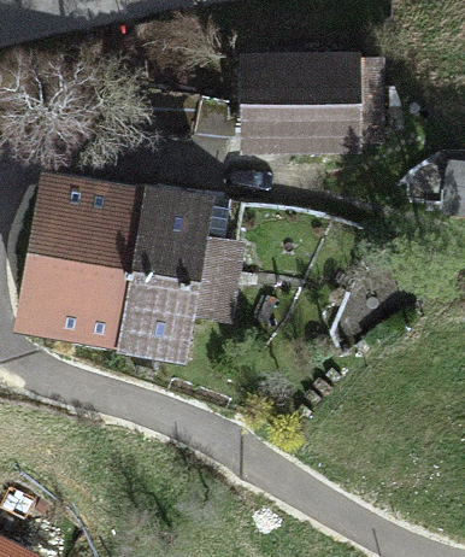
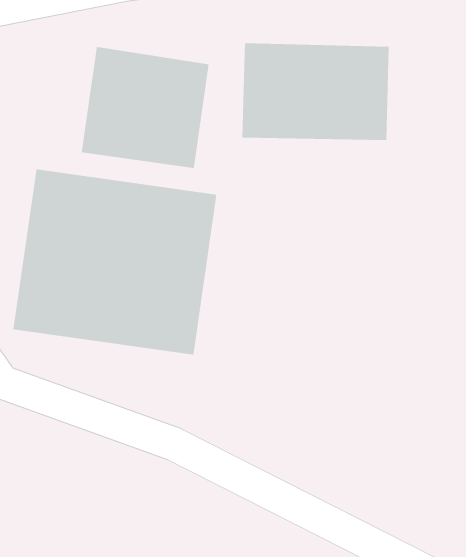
building: none -> [81,46,209,169]

